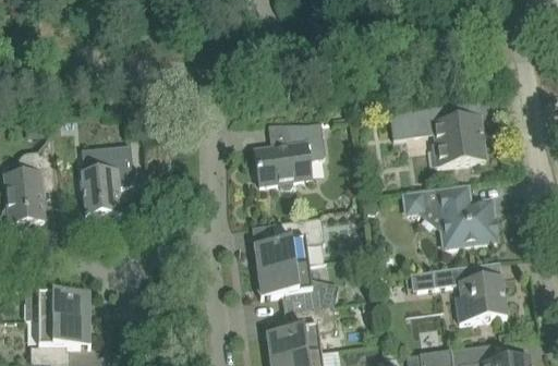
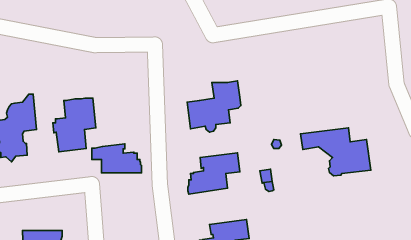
building: [389,103,485,167] -> none
building: [256,264,338,312] -> none
building: [411,264,506,322] -> none
building: [24,281,89,319] -> [92,144,141,173]

